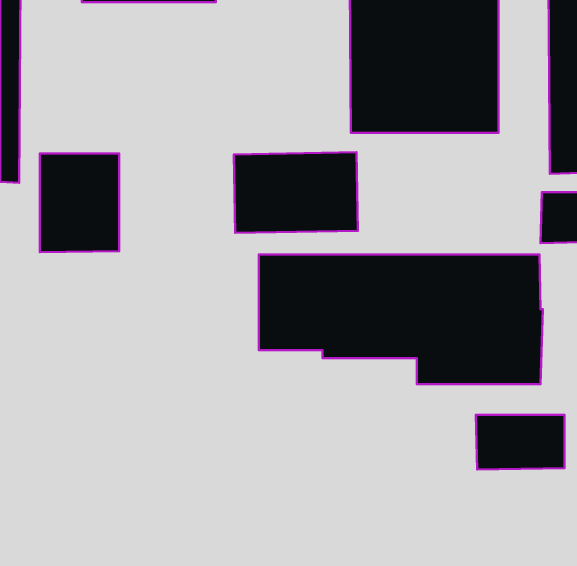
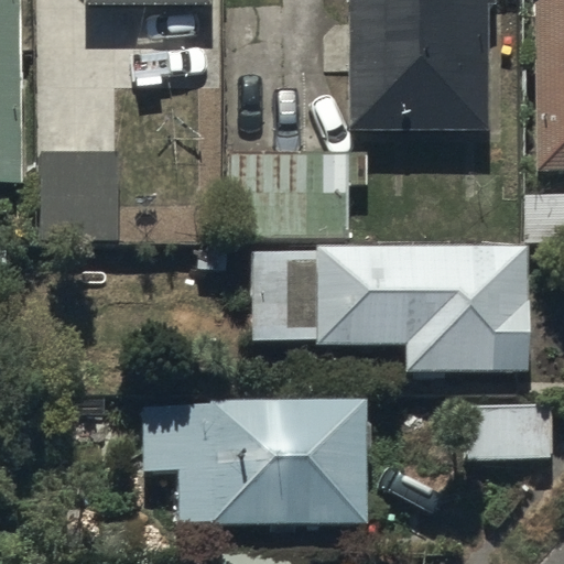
building: none -> [152,402,366,521]

